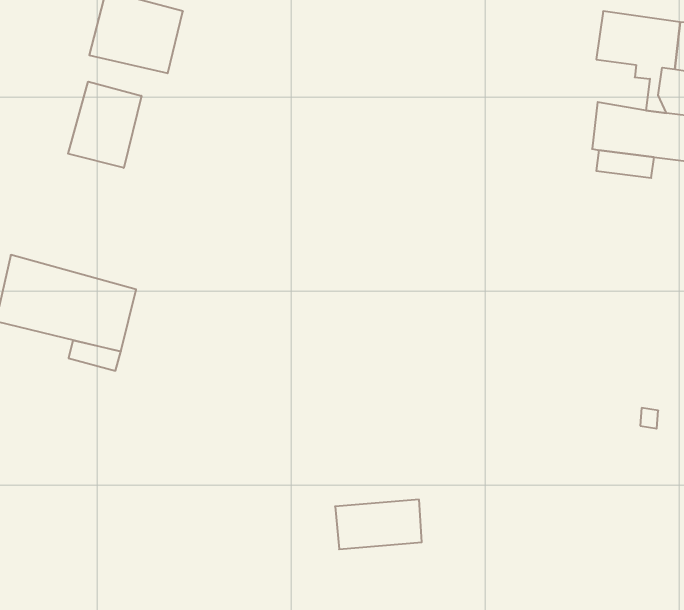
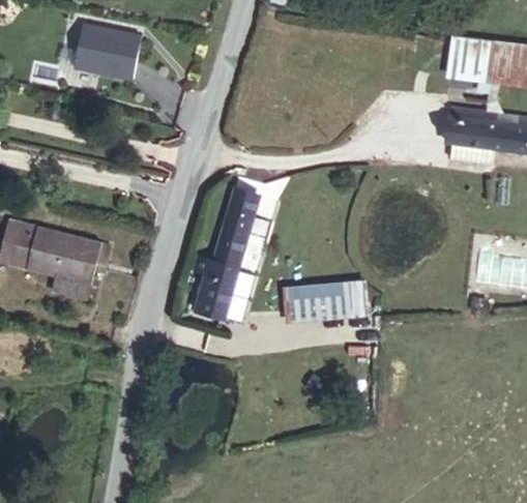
building: [68,82,141,168] -> none
building: none -> [192,182,264,313]
building: [335,500,422,549] -> [285,285,350,322]

